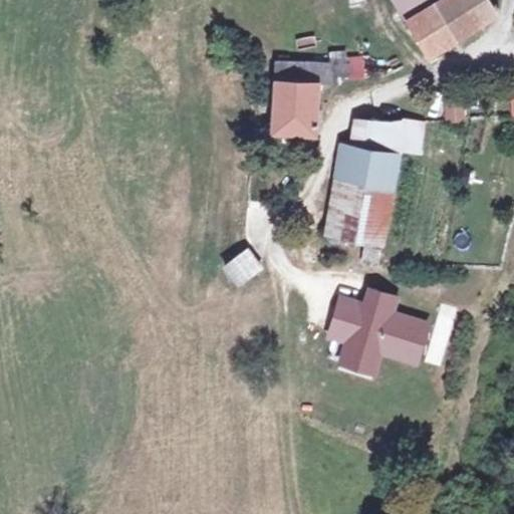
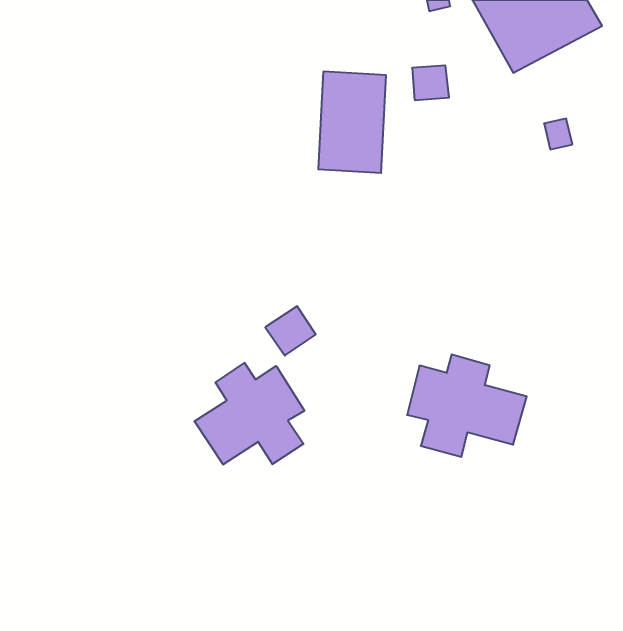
building: [322,109,429,252] -> none
building: none -> [194,363,304,465]

